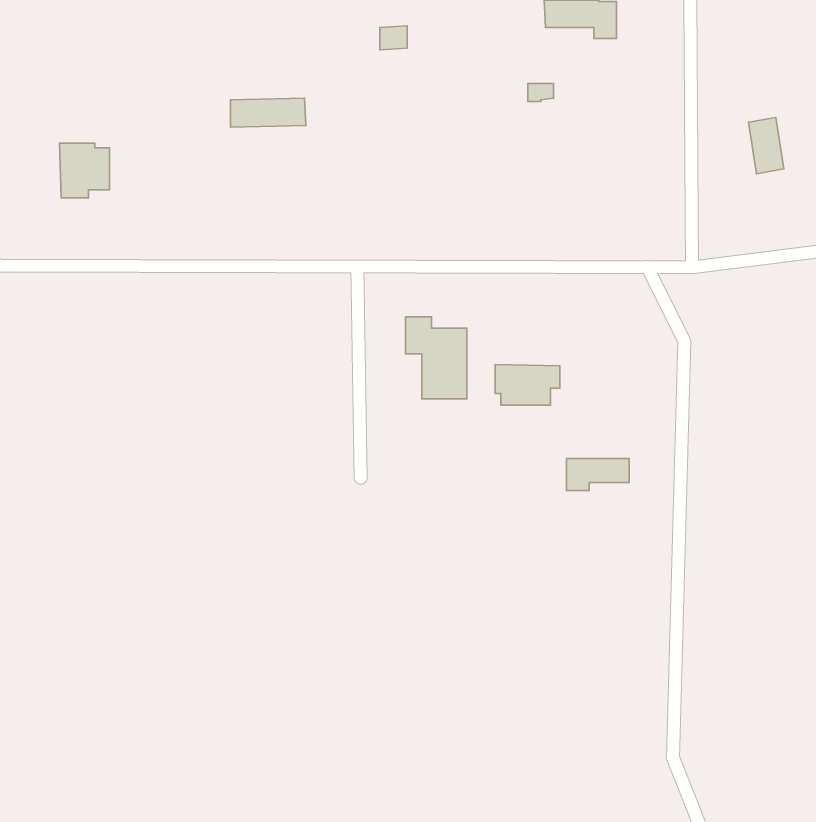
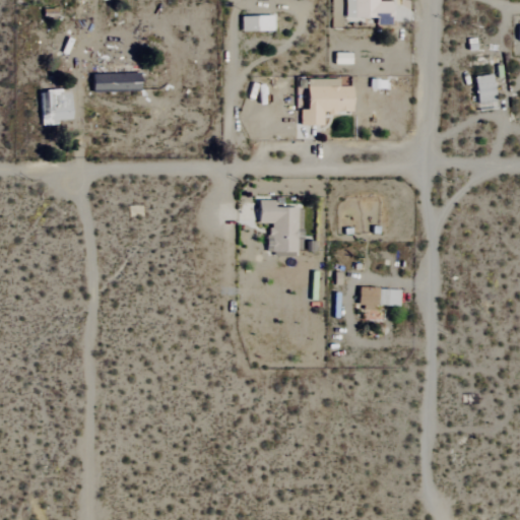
building: [230,98,306,127] -> [94,73,142,91]
building: none -> [303,79,353,125]
building: [495,365,560,405] -> none

